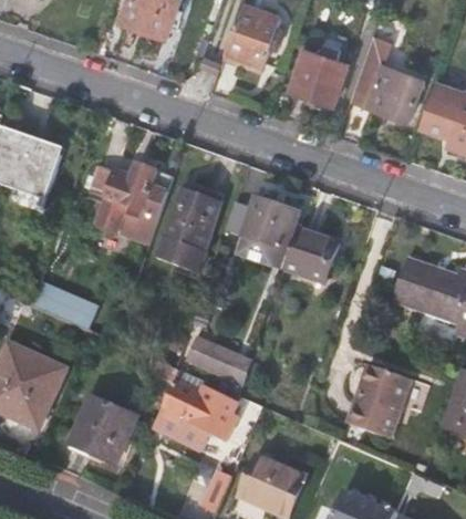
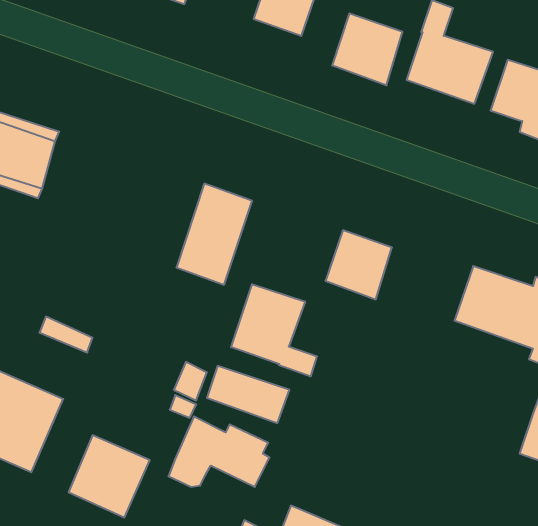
building: [90,163,172,238] -> none
building: [244,196,299,251] -> none
building: none -> [231,284,317,376]
building: [346,364,413,440] -> none

